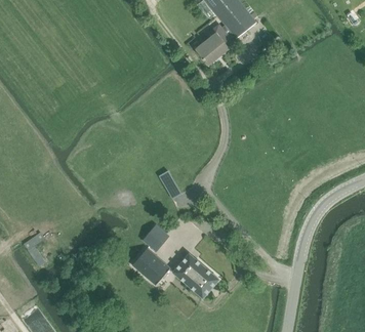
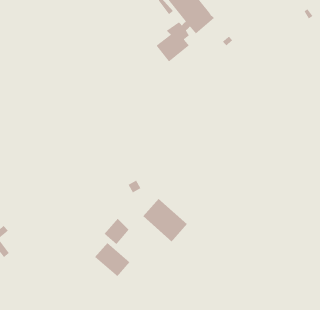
building: [173,253,219,298] -> [143,198,188,242]

